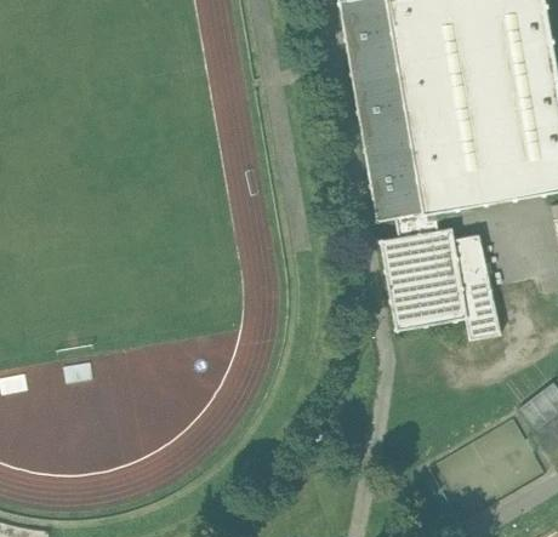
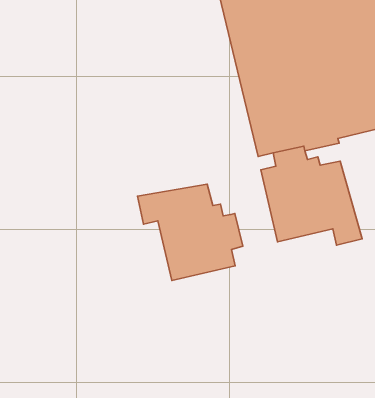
building: none -> [137,184,243,281]

